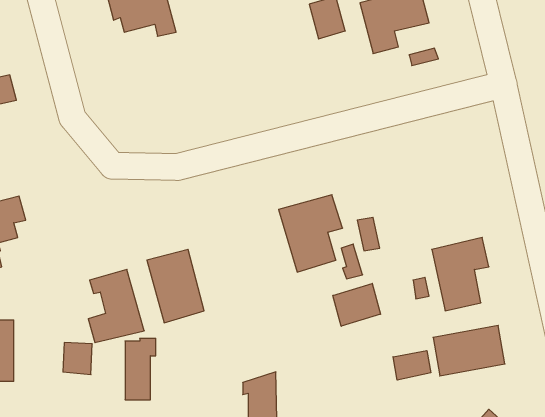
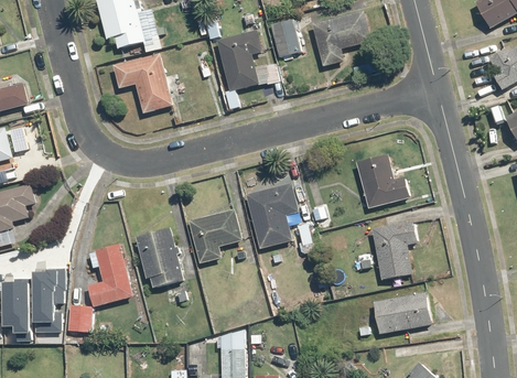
building: none -> [217,31,277,90]
building: none -> [112,53,184,112]
building: none -> [355,154,411,209]
building: none -> [187,209,240,263]
building: [333,283,381,326] -> none
building: [125,338,156,400] -> [30,276,55,326]
building: [393,351,431,380] -> none

